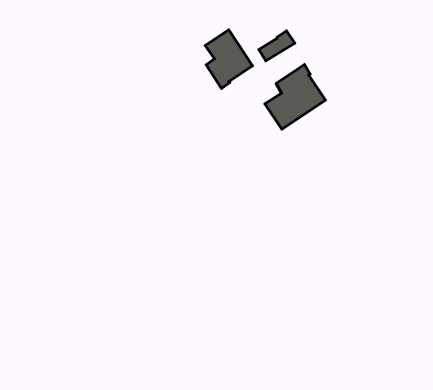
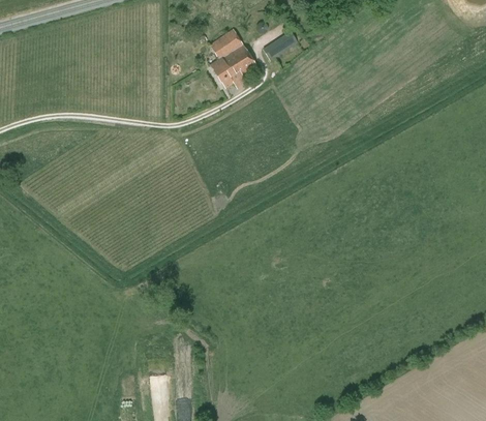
building: [265,64,326,129] -> none

